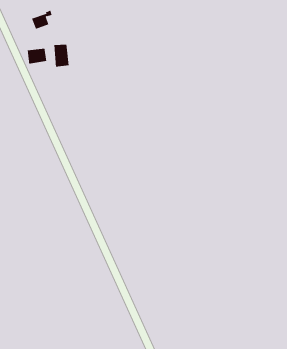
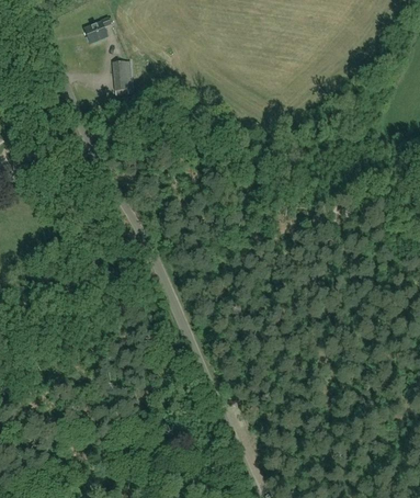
building: [27,48,47,65] -> none

